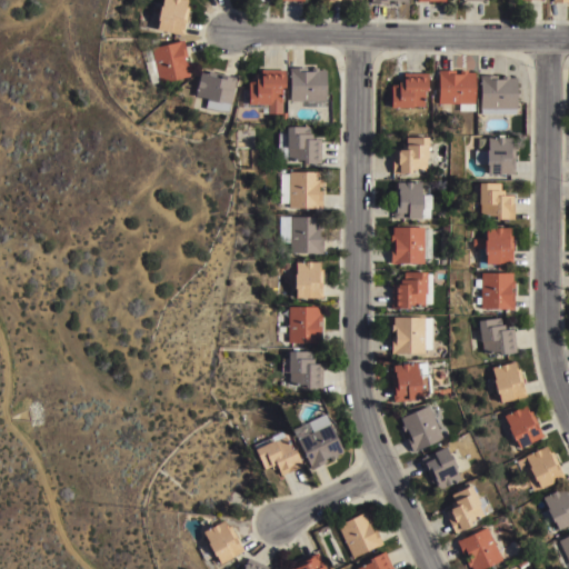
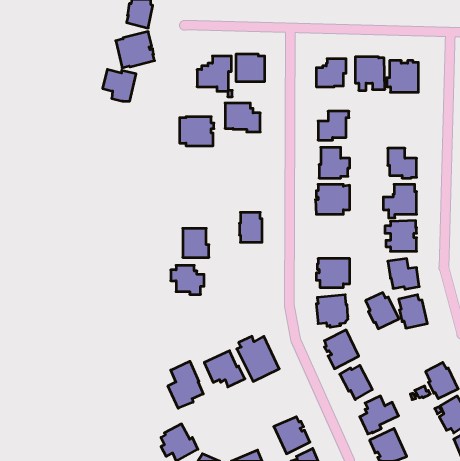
building: [197,71,238,110] -> [103,69,136,101]
building: [476,137,516,173] -> none
building: [282,171,325,207] -> [180,117,214,146]
building: [281,216,326,252] -> none
building: [392,272,432,309] -> none
building: [290,307,322,342] -> [183,228,209,257]
building: [283,352,325,388] -> [171,265,204,294]
building: [505,406,546,450] -> [366,293,399,329]
building: none -> [168,361,203,408]

